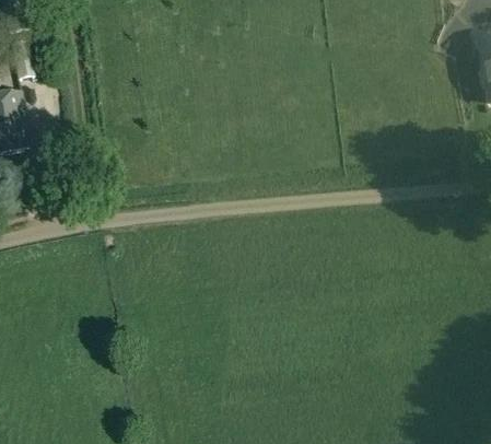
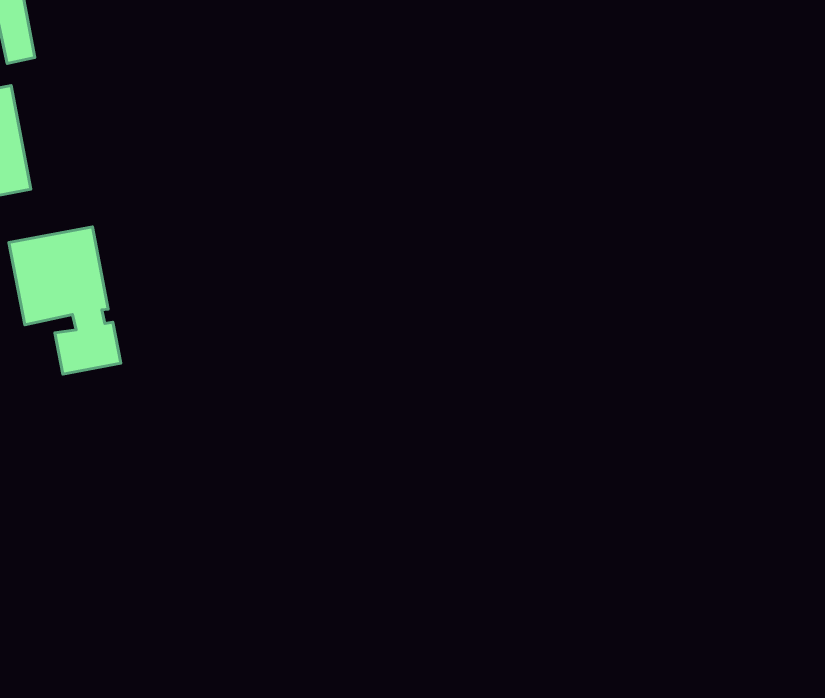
building: none -> [9,227,121,374]

